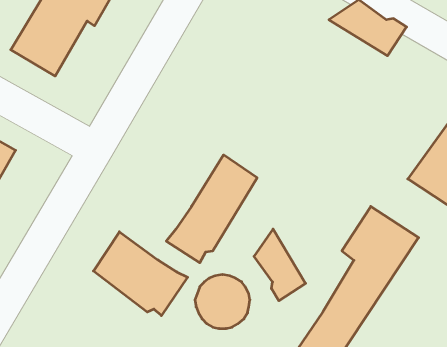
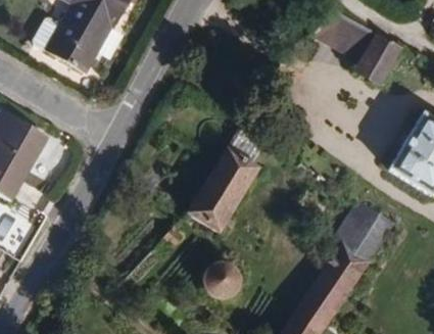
building: none -> [360,34,406,84]
building: [254,229,306,301] -> none
building: [93,232,188,316] -> none

